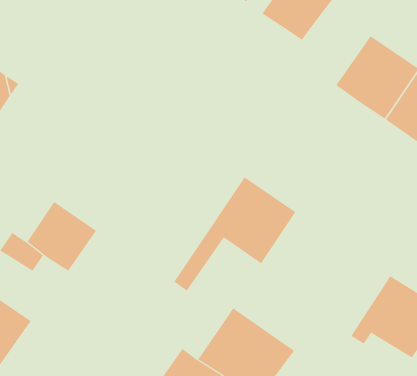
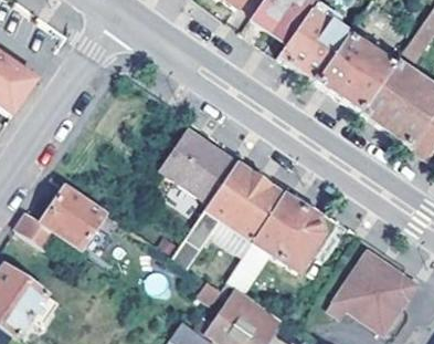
building: none -> [278,11,349,82]
building: none -> [160,129,236,204]
building: none -> [252,196,321,273]

